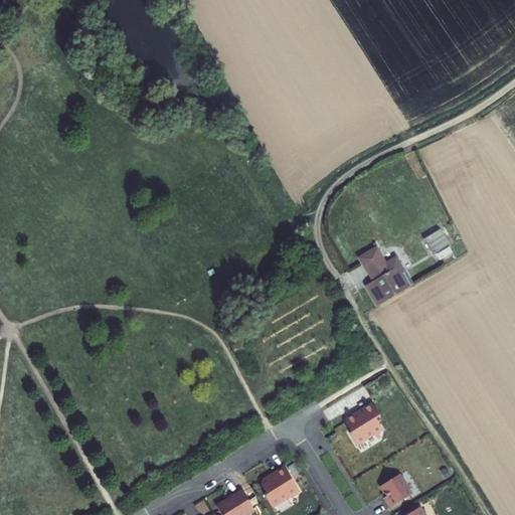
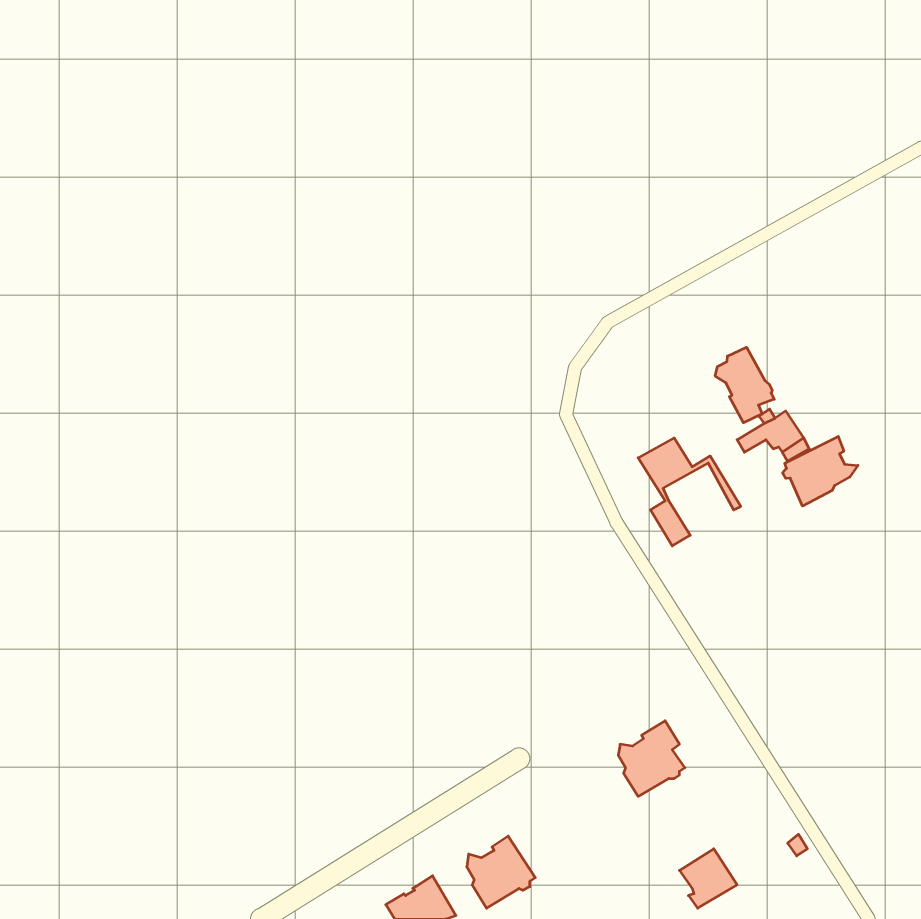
building: none -> [715,347,774,423]
building: none -> [783,436,858,506]
building: [370,259,409,299] -> none

